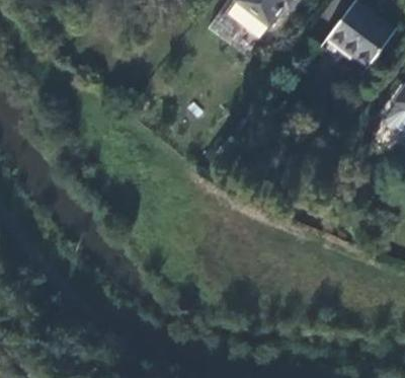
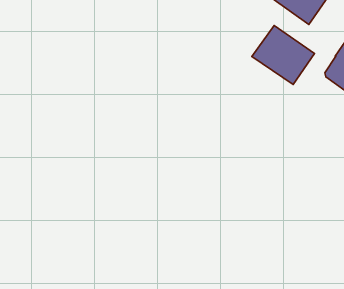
building: none -> [252,25,315,85]

